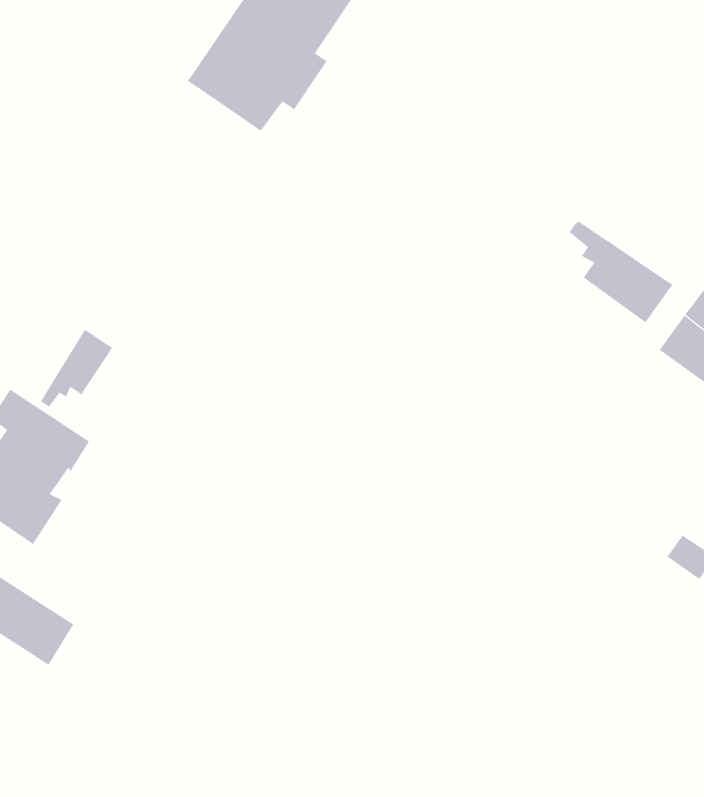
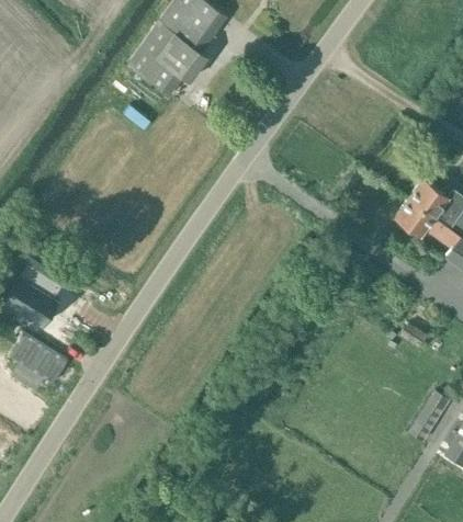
building: [569,220,673,323] -> none
building: [40,329,113,407] -> none

